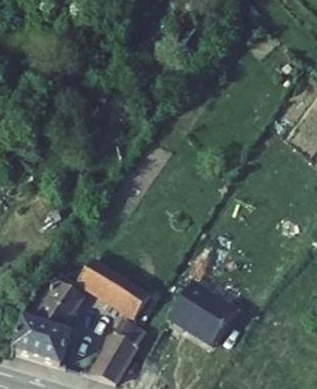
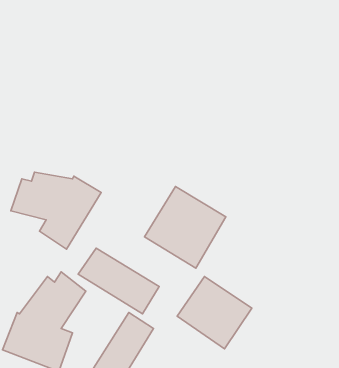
building: none -> [11,172,101,249]
building: none -> [145,187,226,268]

